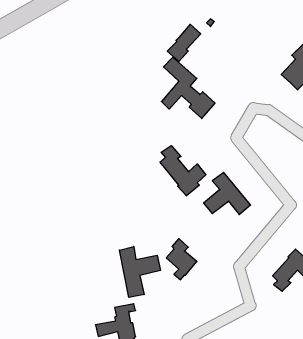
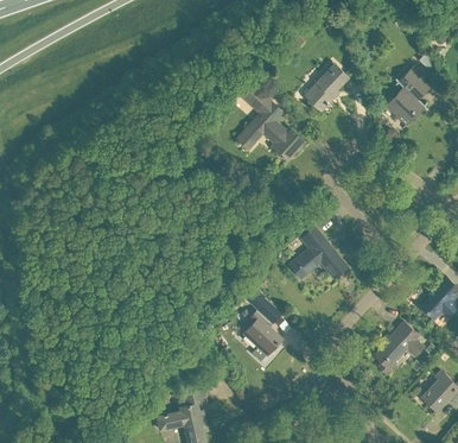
building: [167,24,201,62] -> [306,64,348,110]
building: [160,146,206,196] -> none
building: [119,246,160,297] -> none

